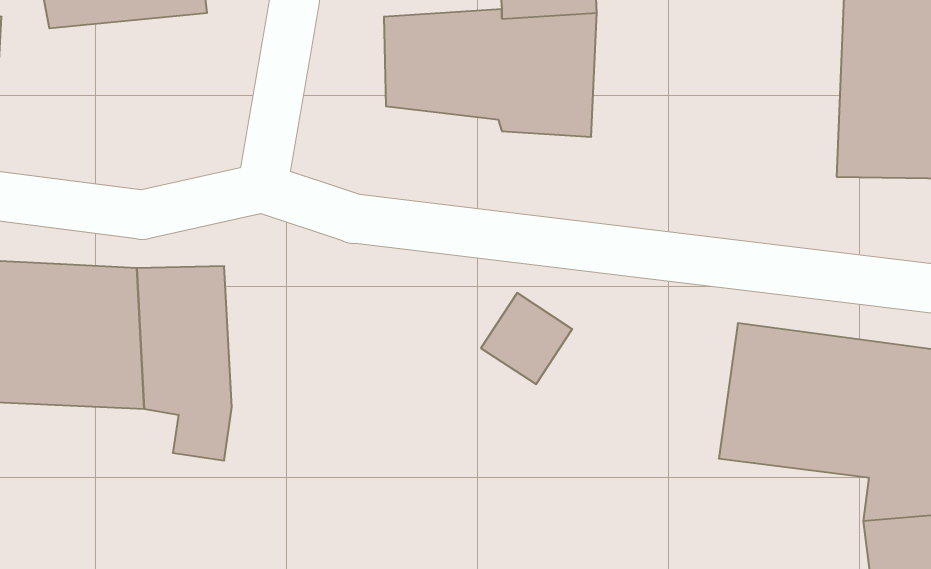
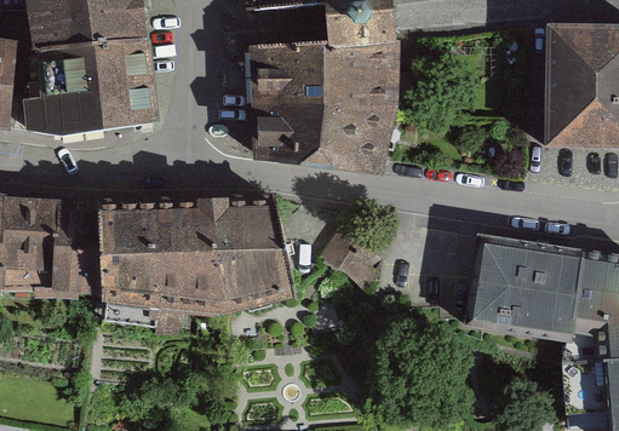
building: none -> [28,41,155,136]
building: none -> [259,100,390,169]
building: none -> [156,197,296,333]

